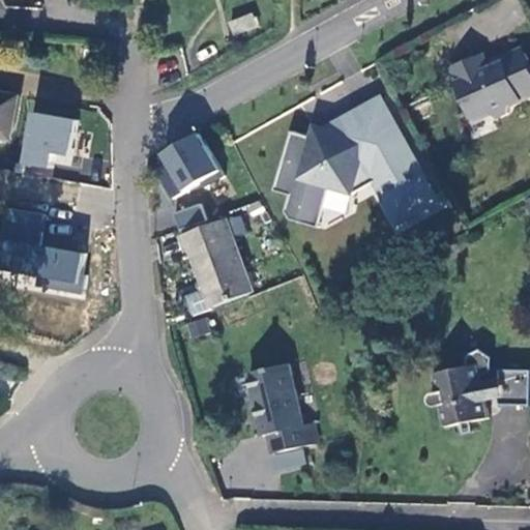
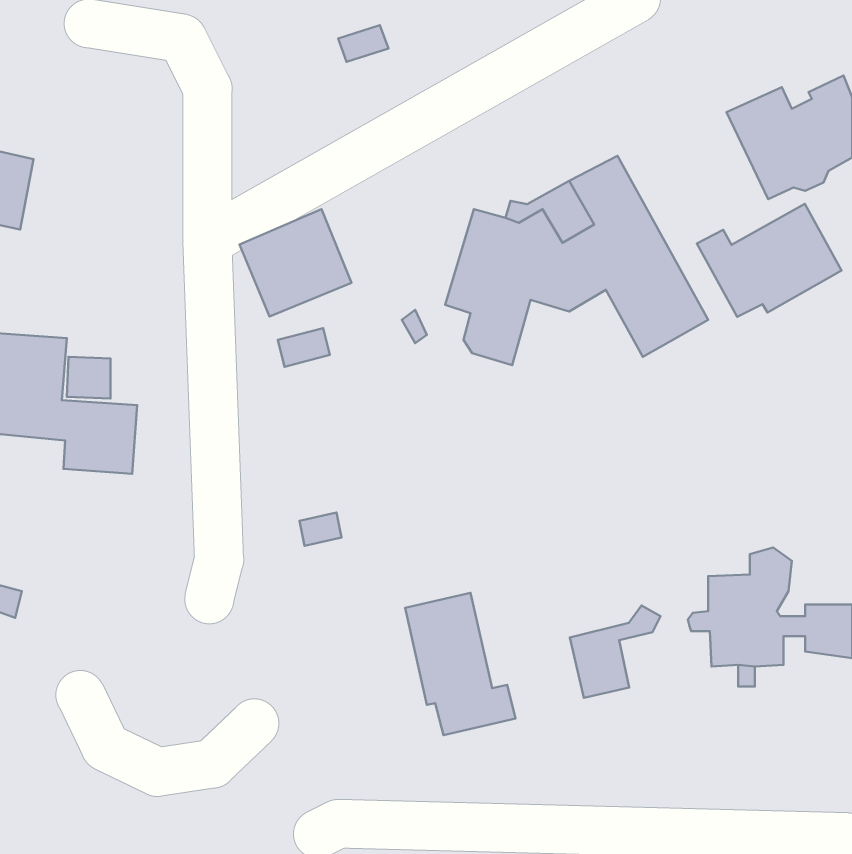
building: [16,109,75,169] -> none
building: none -> [697,204,842,317]
building: [179,220,248,306] -> none
building: none -> [570,606,661,698]

